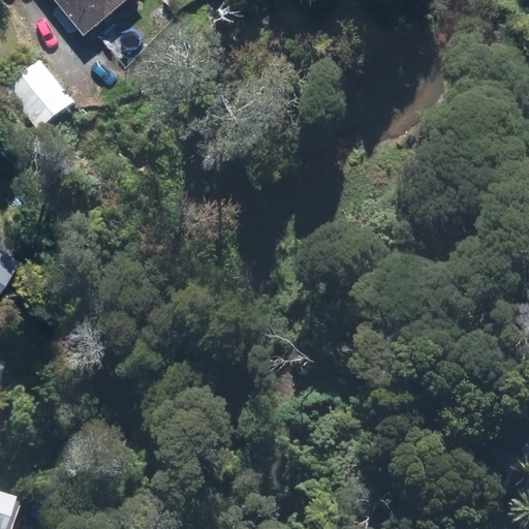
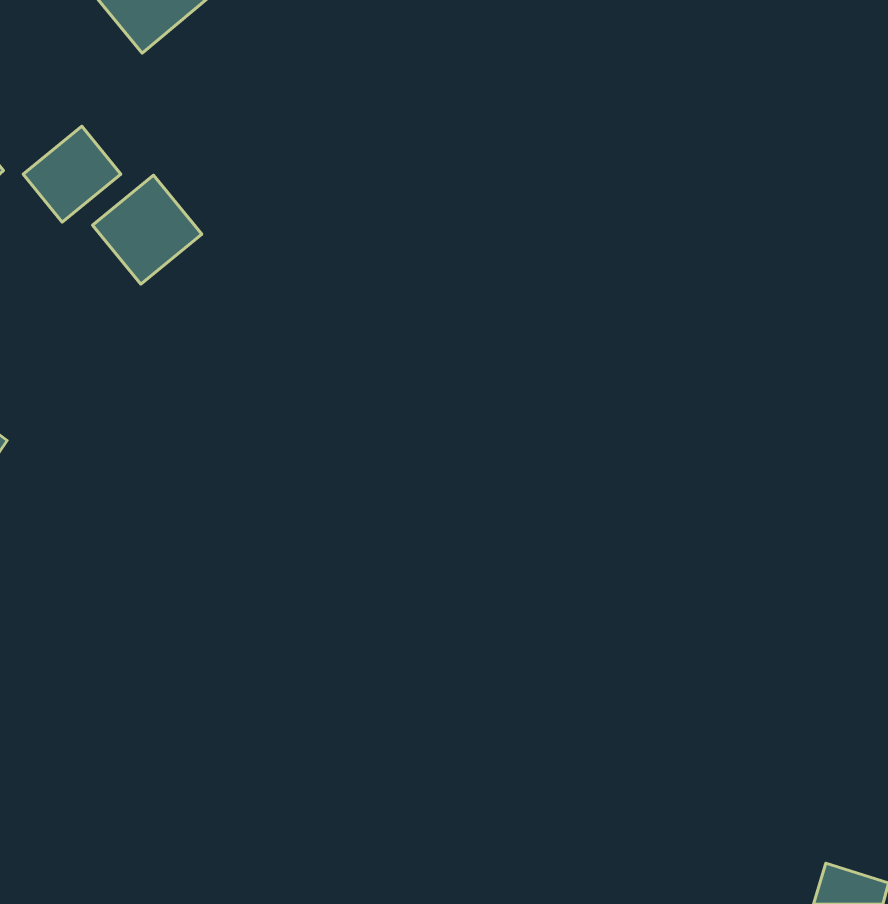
building: none -> [93,175,202,284]

